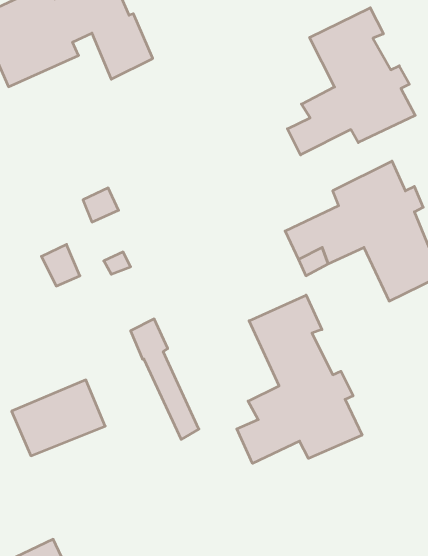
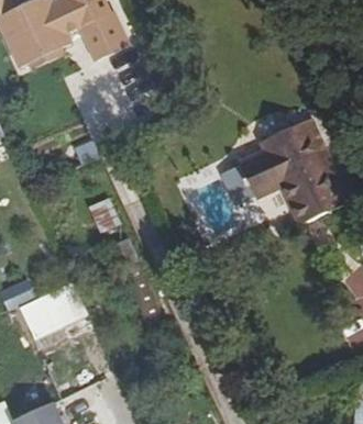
building: [287,8,415,155] -> none
building: [237,295,362,463] -> none

